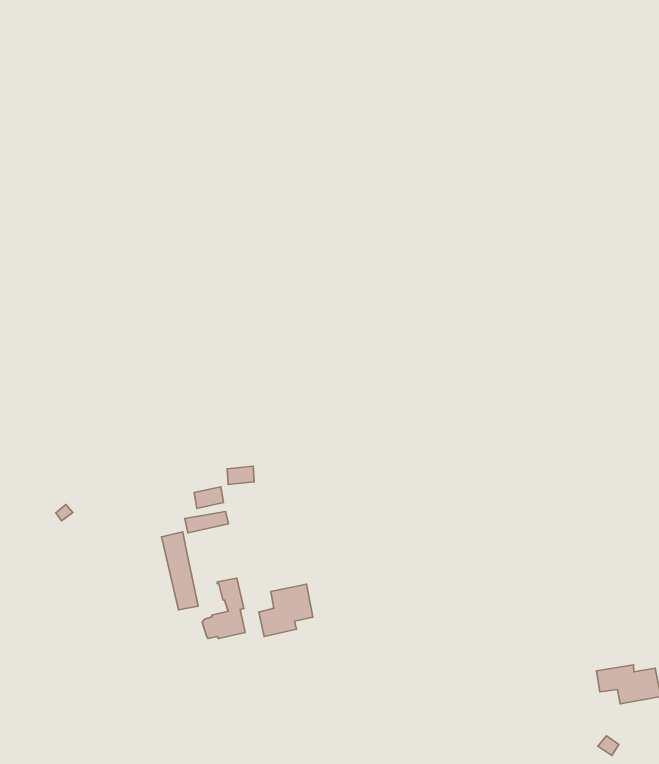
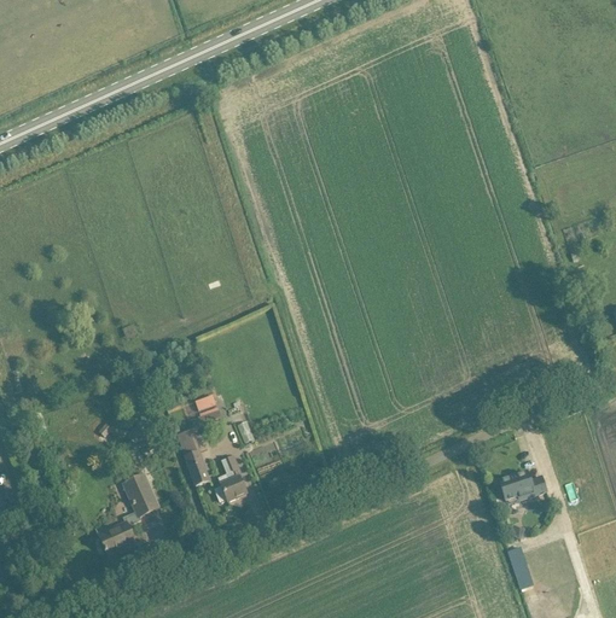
building: none -> [100,474,159,555]
building: [259,584,313,636] -> none

